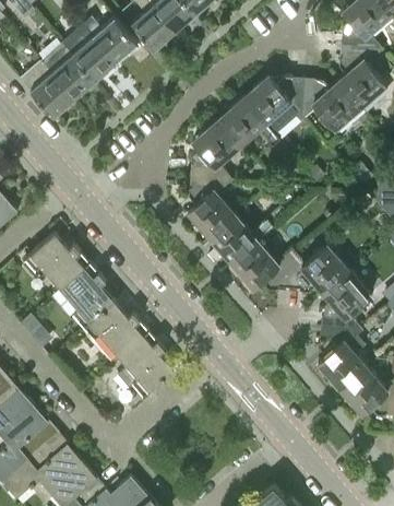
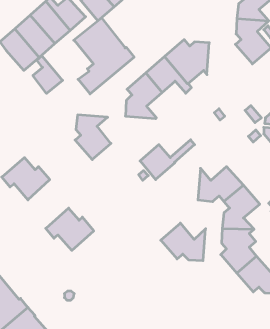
building: none -> [74,18,134,94]
building: [299,80,360,131] -> none
building: none -> [33,56,63,93]
building: [187,178,235,238] -> [75,115,111,160]
building: [230,240,290,291] -> [161,223,206,261]
building: [59,263,114,329] -> none
building: [117,332,172,397] -> none

